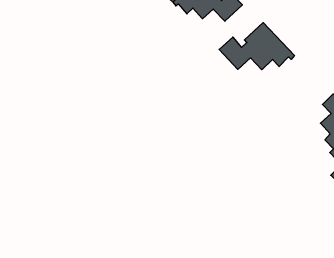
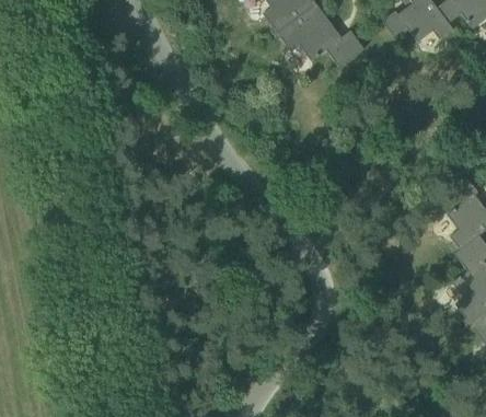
building: [219,23,294,70] -> none

